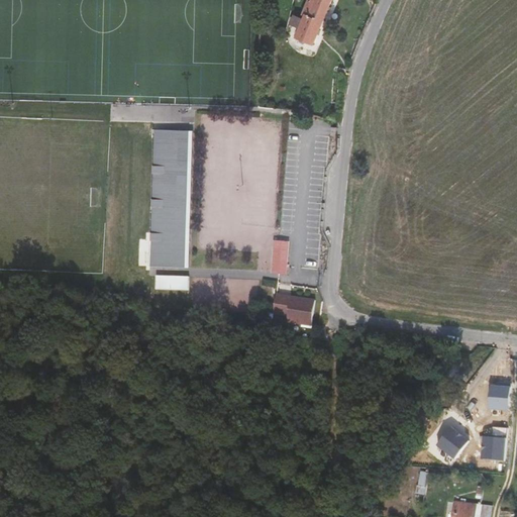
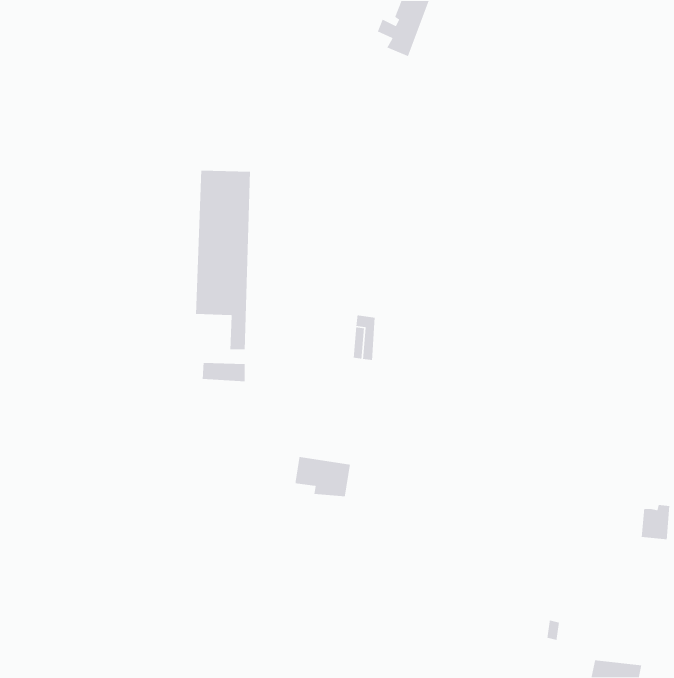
building: [148,239,176,267] -> none
building: [272,294,314,325] -> [295,456,351,497]
building: [435,427,467,458] -> none
building: [480,428,504,459] -> none

